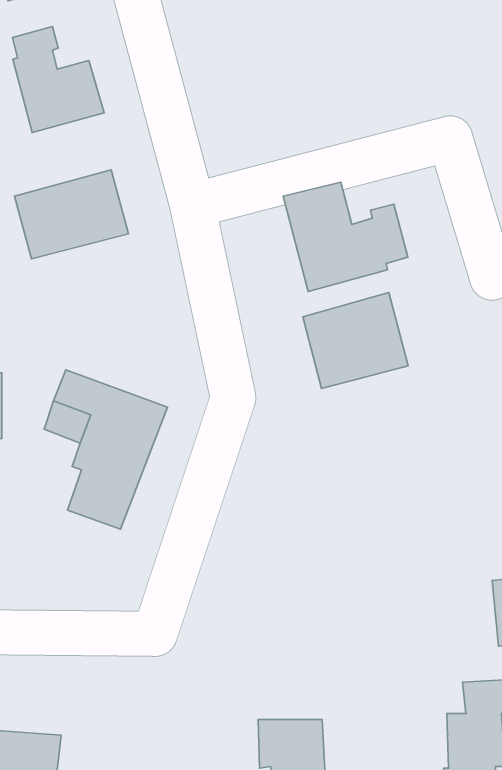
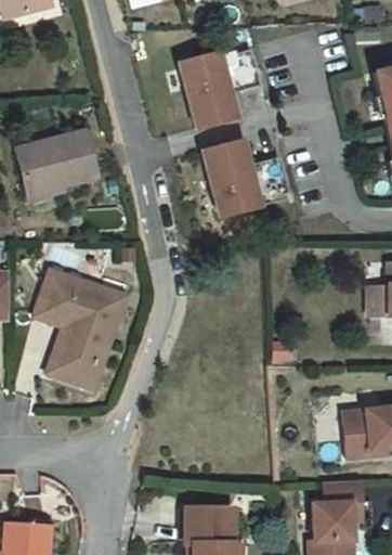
building: [12,27,104,133] -> none
building: none -> [179,48,259,127]
building: [303,293,408,388] -> none

